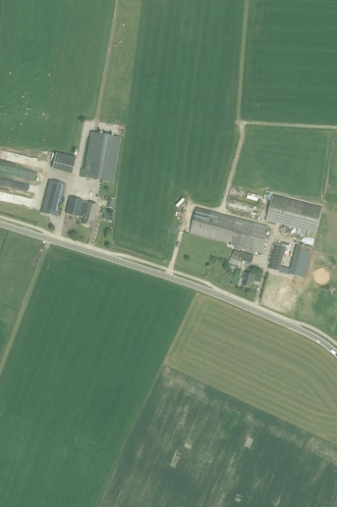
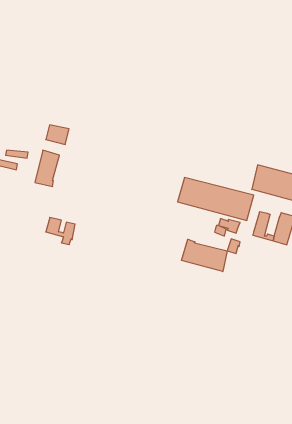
building: [79,132,120,182] -> none
building: [65,197,96,225] -> [46,217,75,245]
building: none -> [182,239,227,272]

